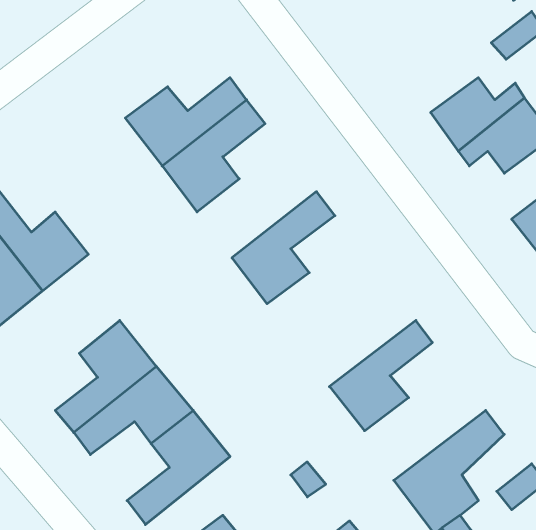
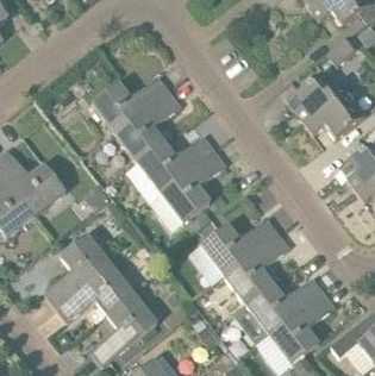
building: none -> [137,136,214,193]
building: none -> [200,218,279,276]
building: none -> [235,277,324,343]

